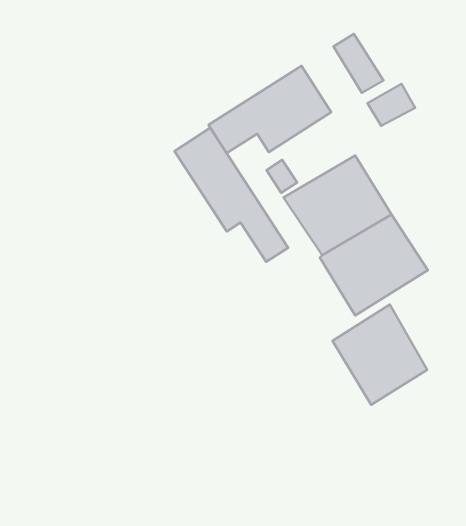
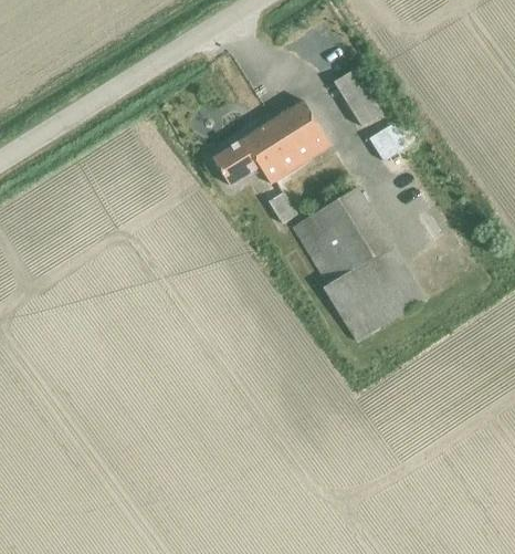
building: [175,128,288,262] -> none
building: [332,305,427,405] -> none

